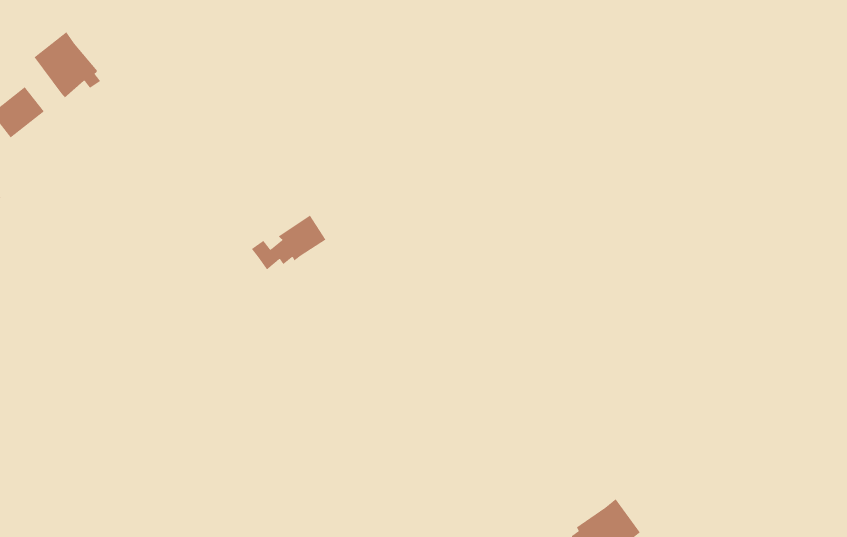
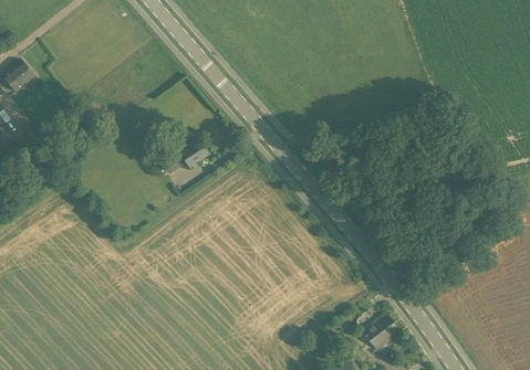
building: [34,31,101,98] -> none

